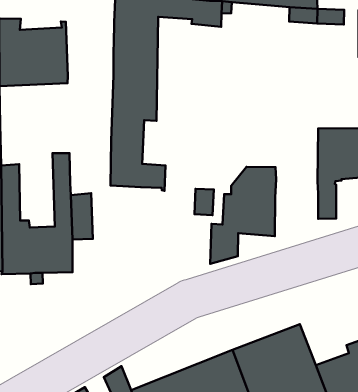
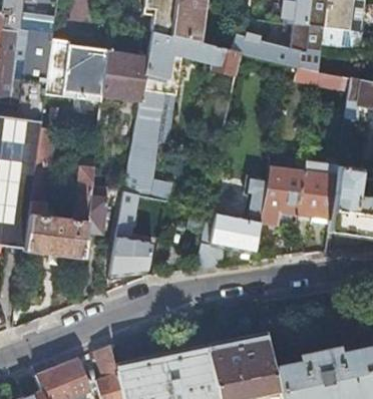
building: none -> [101,49,146,101]
building: none -> [259,165,303,226]
building: none -> [108,192,165,280]

